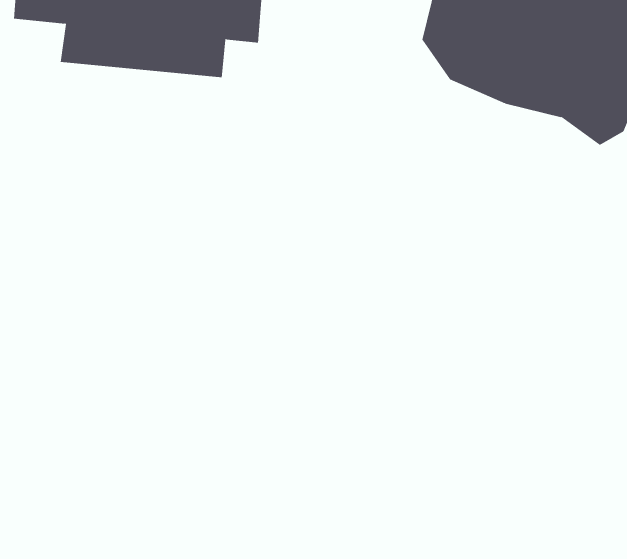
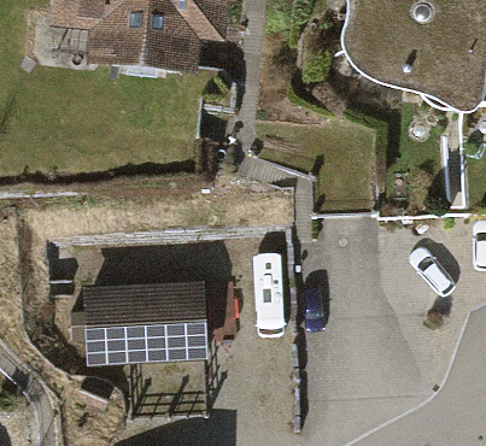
building: none -> [80,288,205,360]

